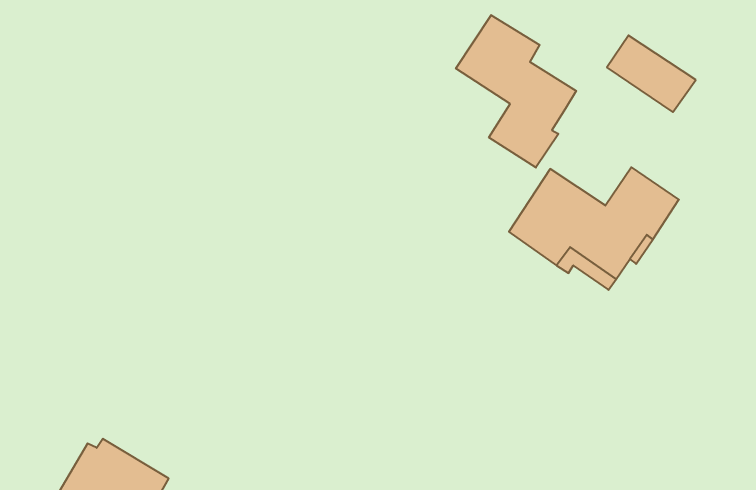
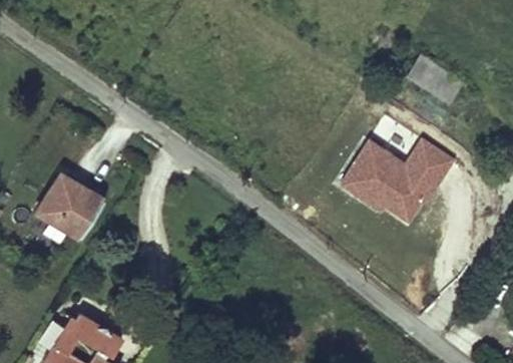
building: [456,15,576,168] -> none
building: none -> [37,175,102,240]

